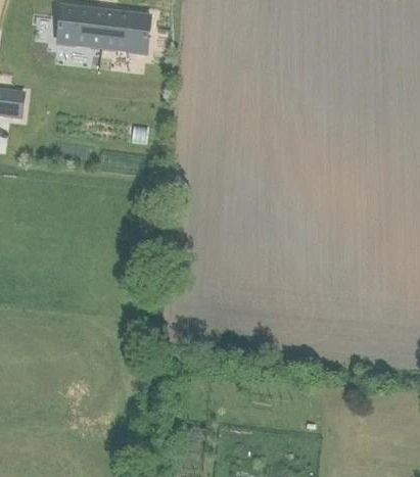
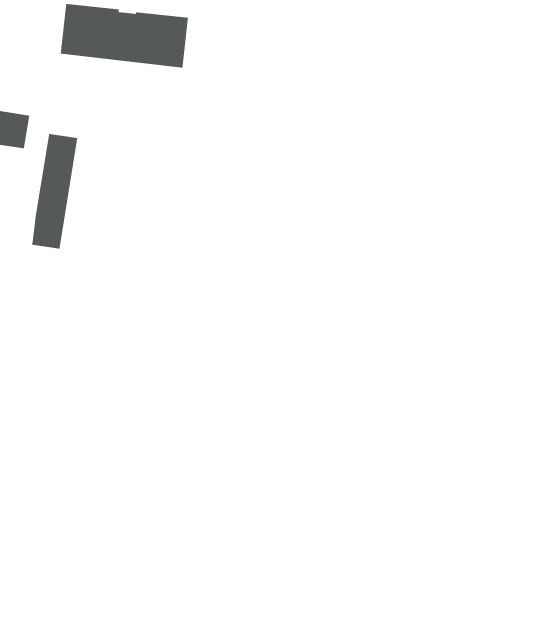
building: none -> [31,133,78,250]

